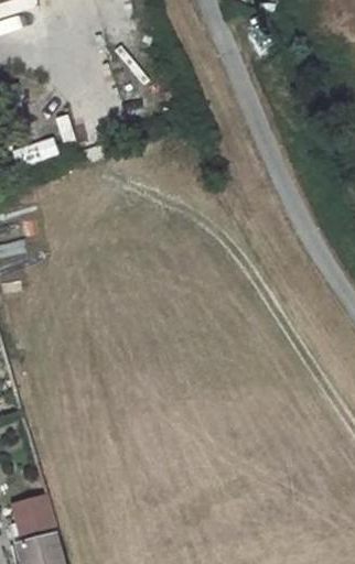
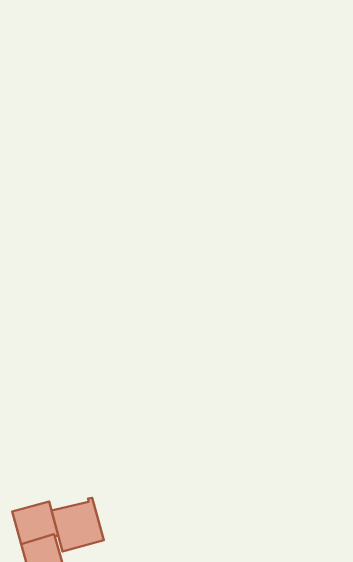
building: none -> [52,498,104,551]

